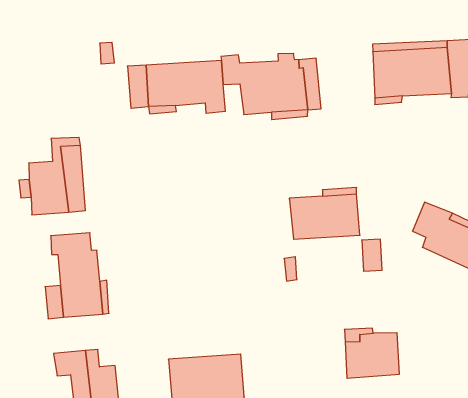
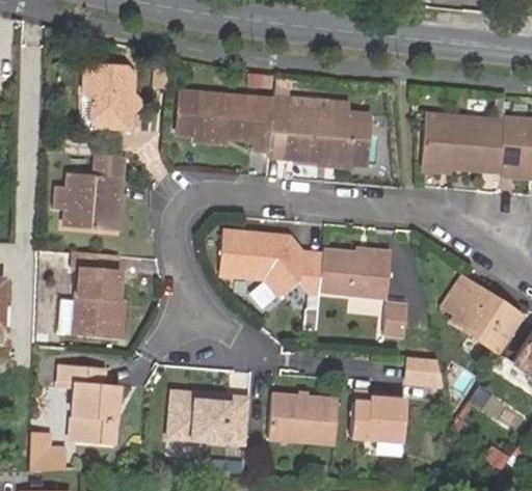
building: none -> [82,61,134,128]
building: none -> [216,228,322,294]
building: none -> [403,357,443,387]
building: none -> [268,393,338,442]

